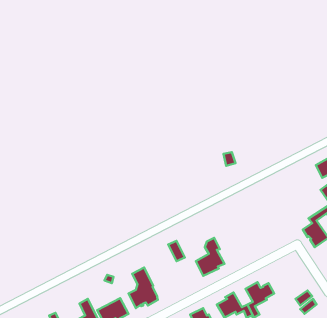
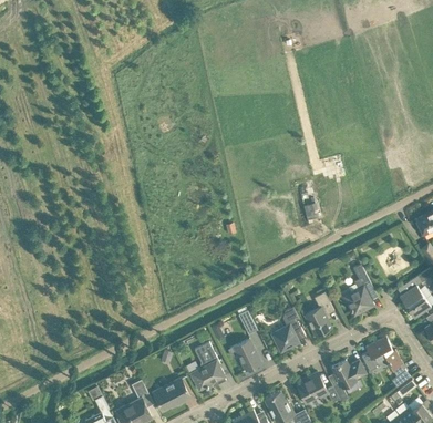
building: none -> [341,264,374,316]
building: none -> [305,291,334,334]
building: none -> [362,336,402,370]
building: none -> [234,338,261,370]

